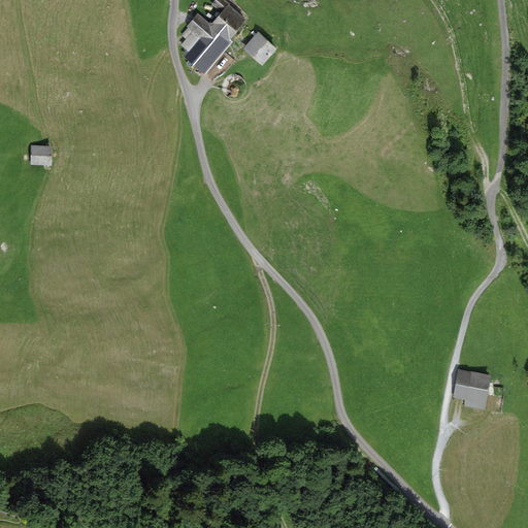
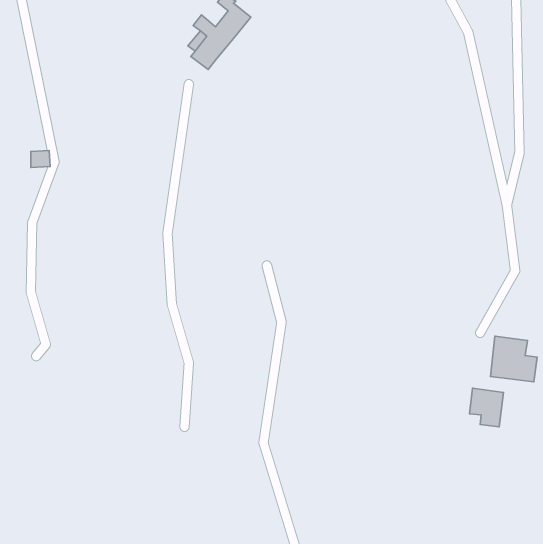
building: [242,32,270,60] -> none
building: none -> [490,336,537,382]

